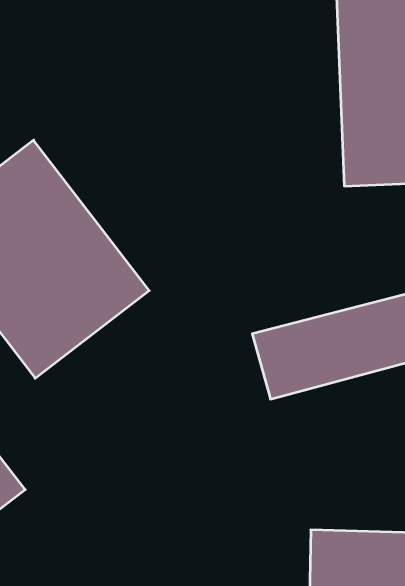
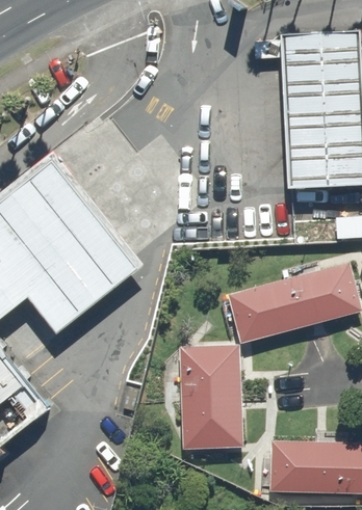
building: none -> [171,348,235,452]

